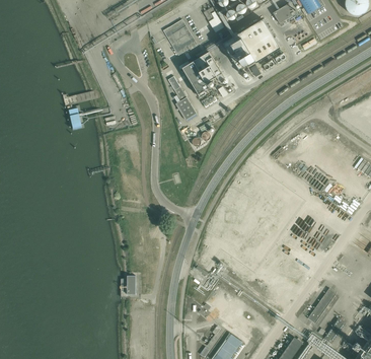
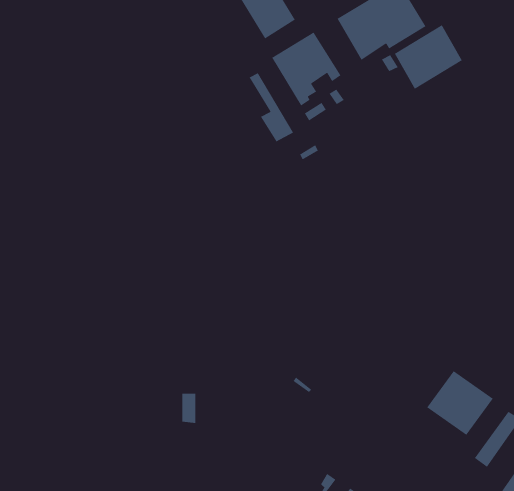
building: none -> [394,24,463,90]
building: none -> [426,370,494,436]

